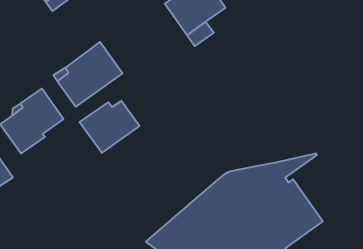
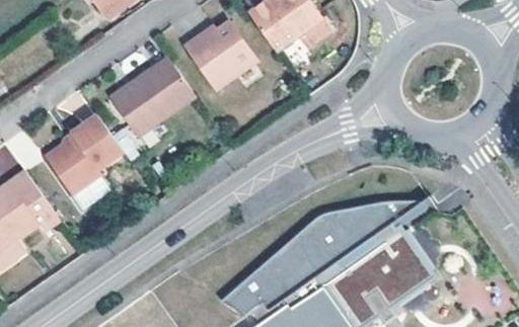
building: none -> [183,20,254,88]
building: [80,101,139,153] -> none

